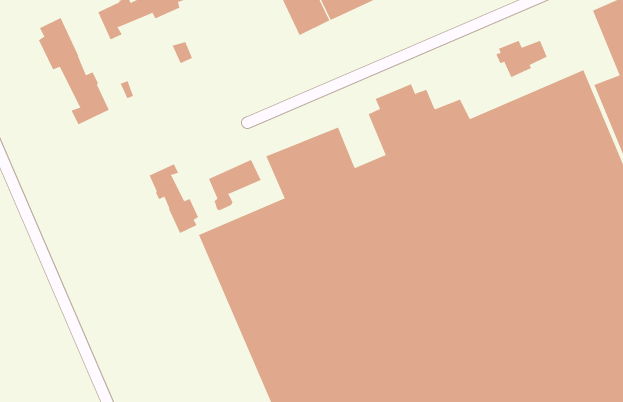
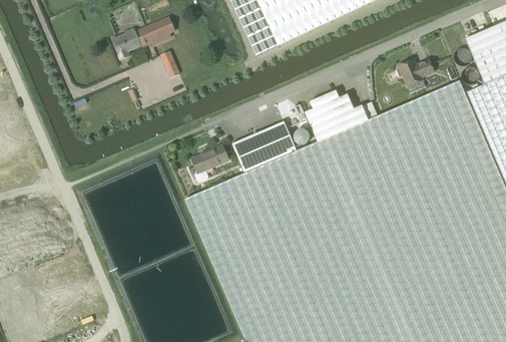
building: [38,17,109,125] -> none
building: [149,163,199,234] -> none

